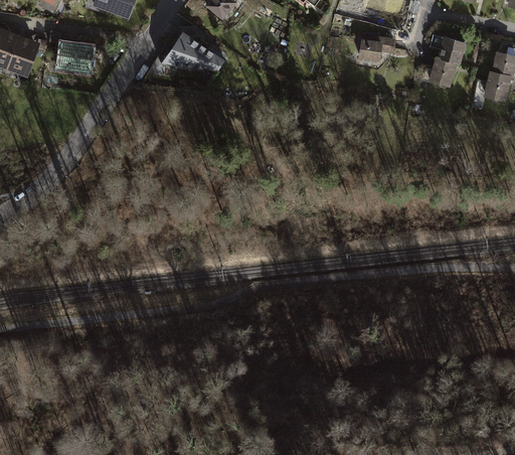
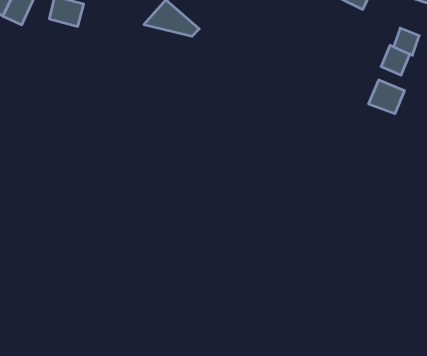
building: [357,36,393,61] -> none
building: none -> [369,80,404,114]

